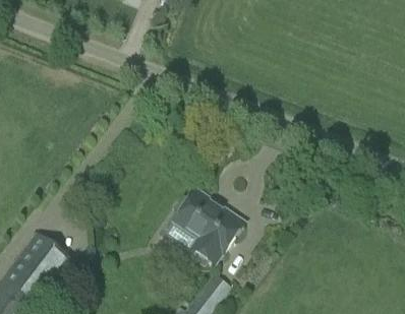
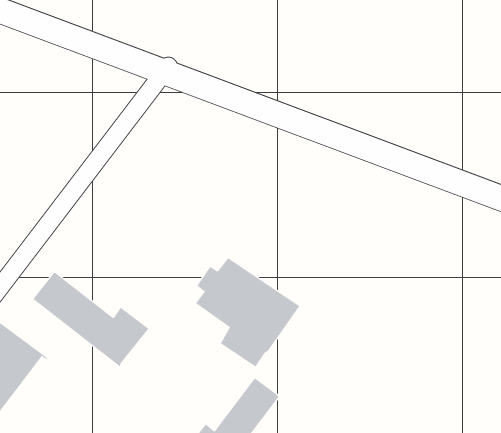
building: none -> [33,271,149,367]

